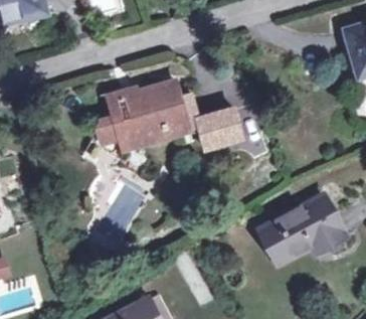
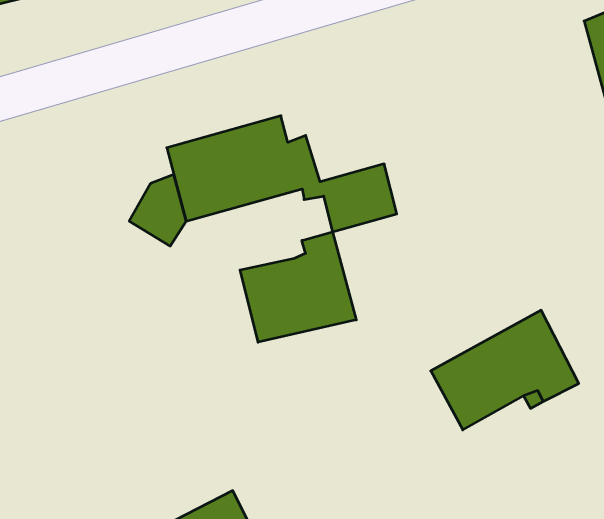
building: none -> [240,232,356,342]

